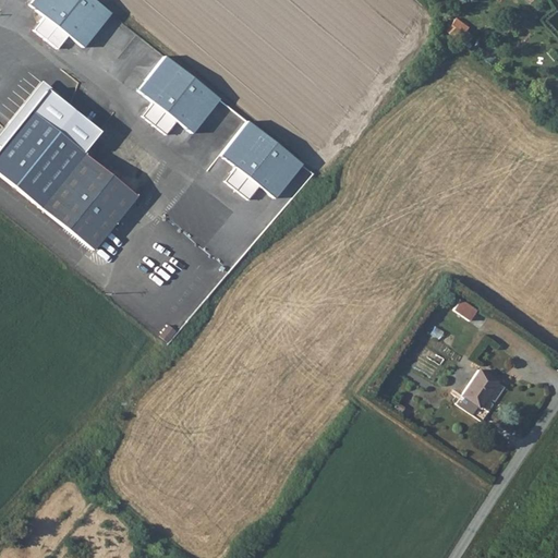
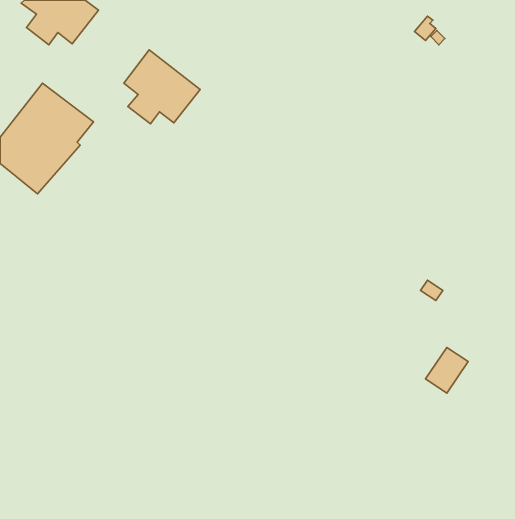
building: [219,119,302,198] -> none
building: [45,156,137,248] -> none

